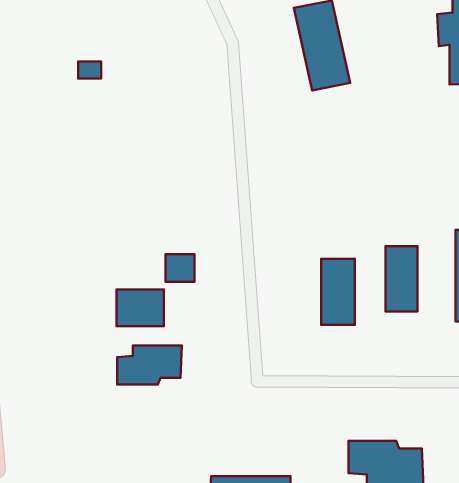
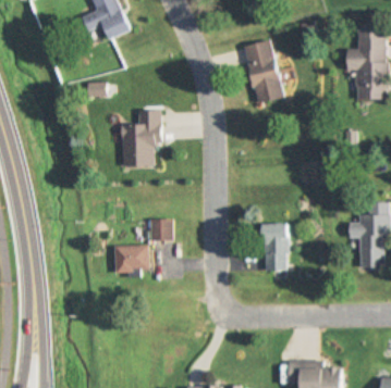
building: none -> [122,113,162,170]
building: [386,246,417,311] -> none
building: [117,345,182,384] -> none

